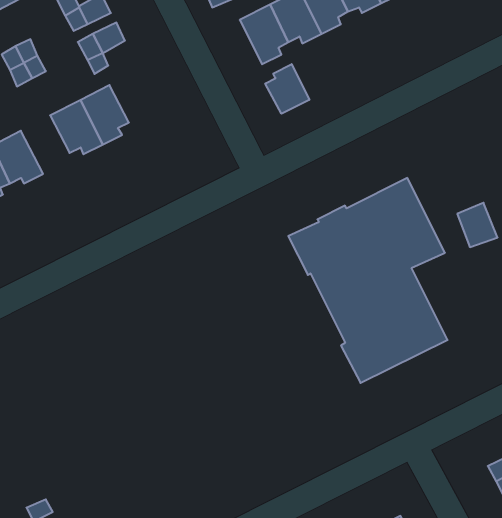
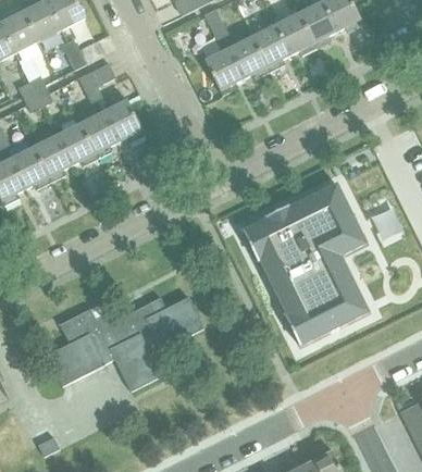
building: [265,64,309,114] -> none
building: none -> [103,99,145,141]
building: none -> [34,135,72,181]
building: none -> [47,296,204,389]

